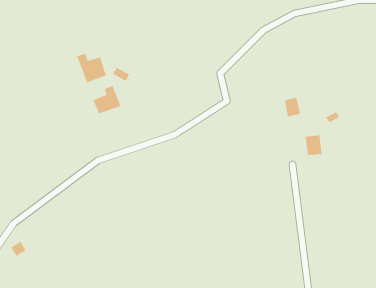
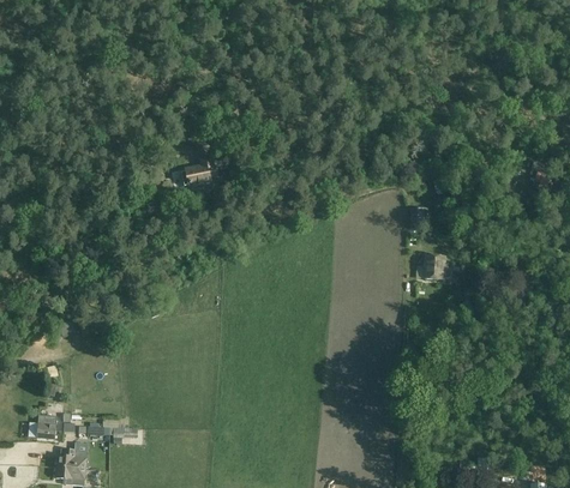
building: [77,53,106,83] -> none

